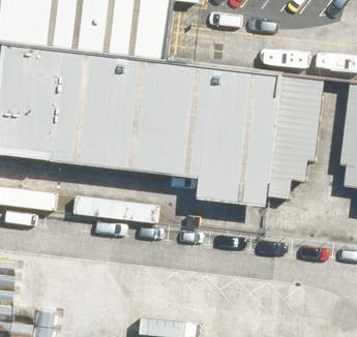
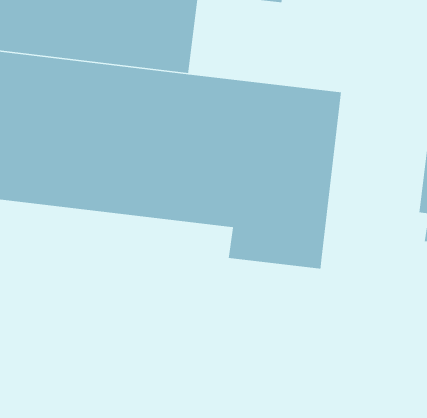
building: [267,72,323,198] -> none

